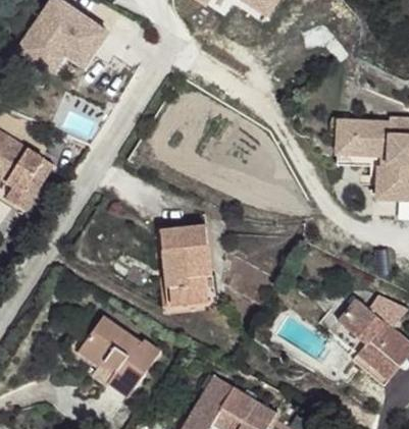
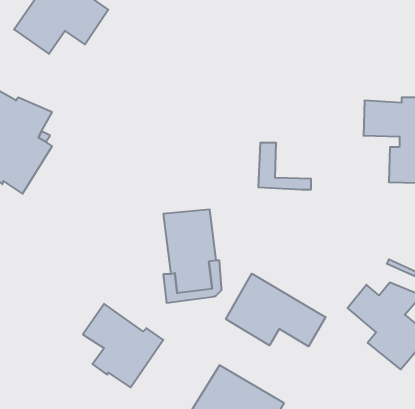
building: [336,119,387,164] -> [258,143,311,189]
building: none -> [226,274,326,346]

